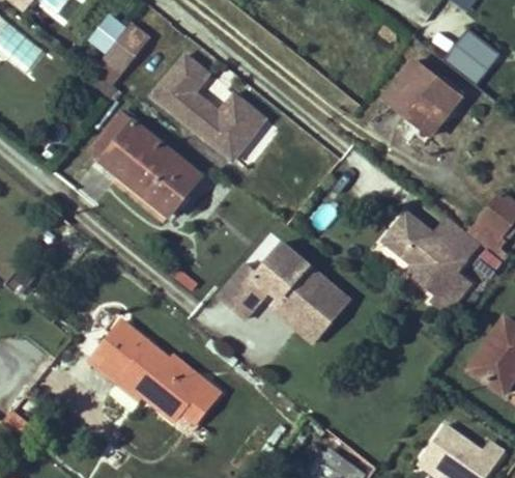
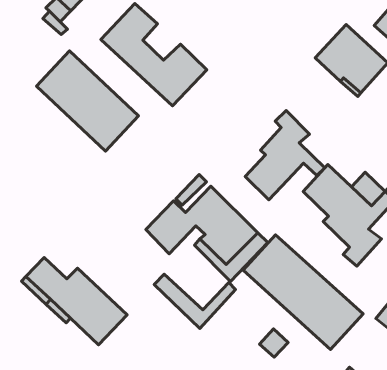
building: none -> [245,111,325,200]
building: none -> [243,235,363,349]
building: none -> [154,274,236,328]

